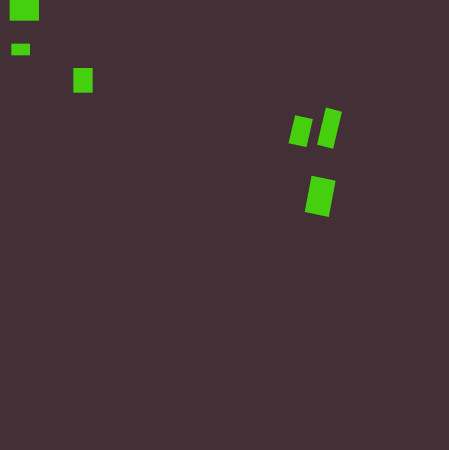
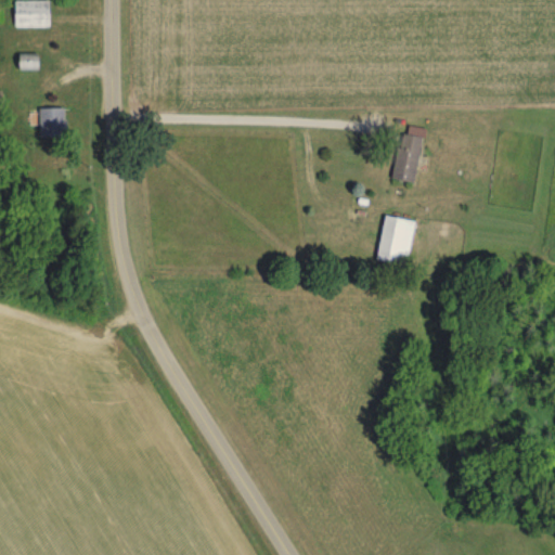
building: [72,68,94,93] -> [40,106,66,138]
building: [288,114,314,148] -> none

